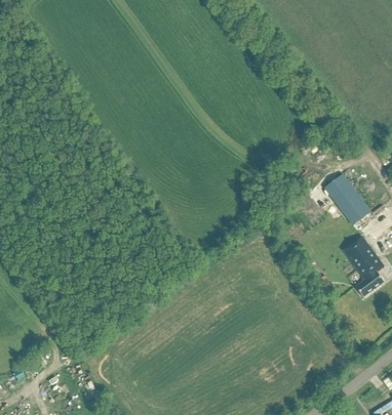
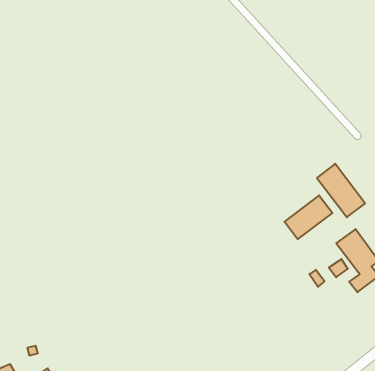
building: none -> [284,195,332,239]

